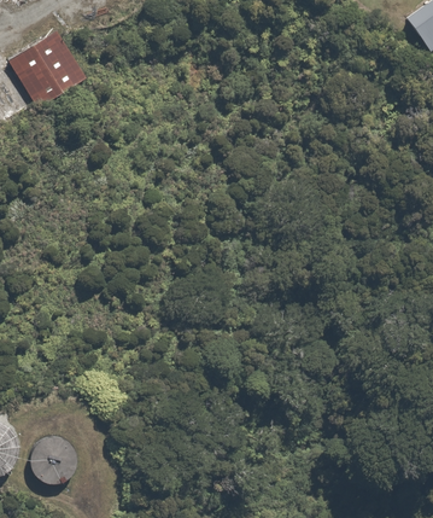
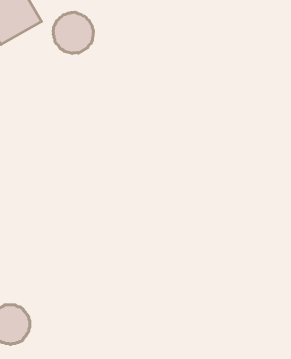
building: none -> [53,12,93,53]

